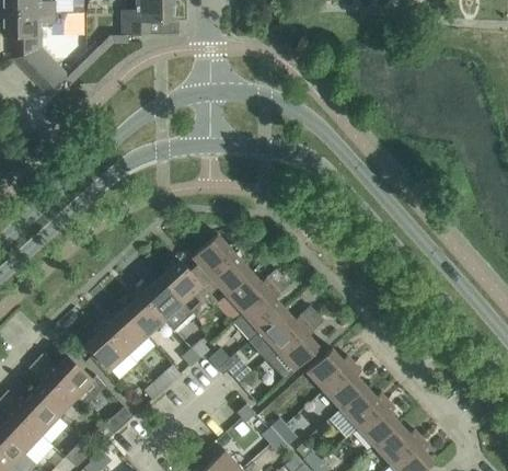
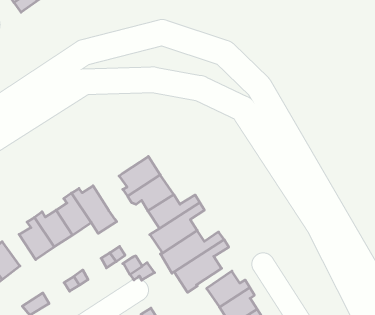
building: [161,259,219,320] -> none

